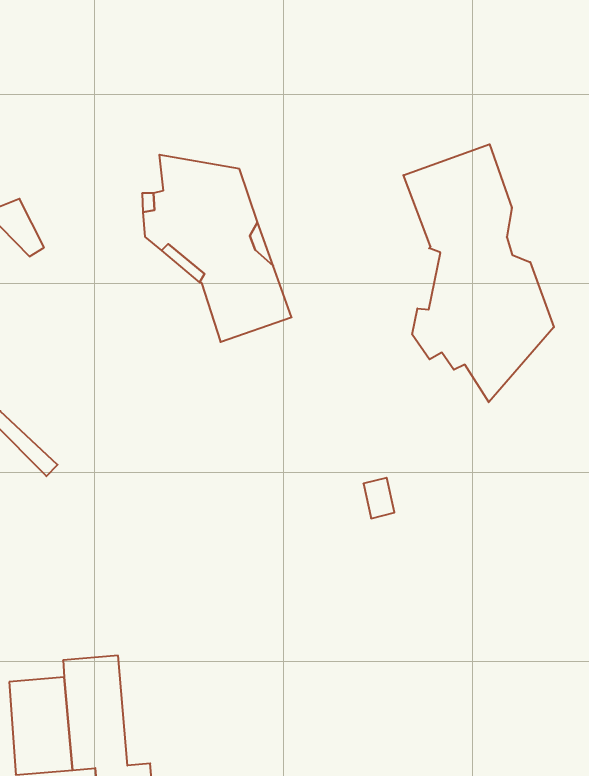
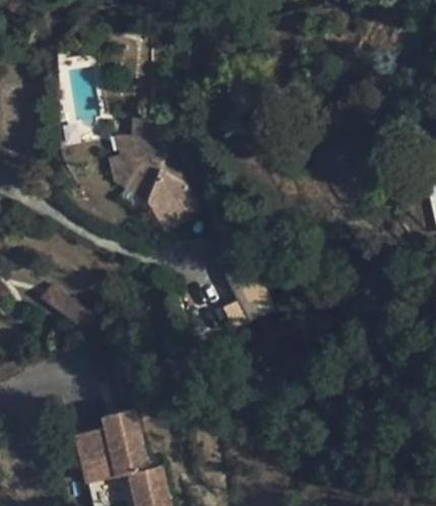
building: [403,144,554,402] -> none

